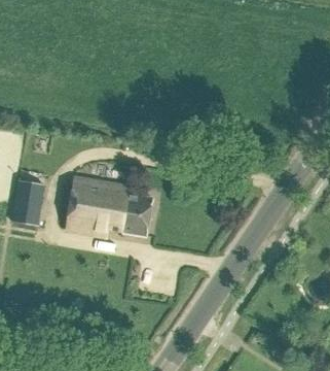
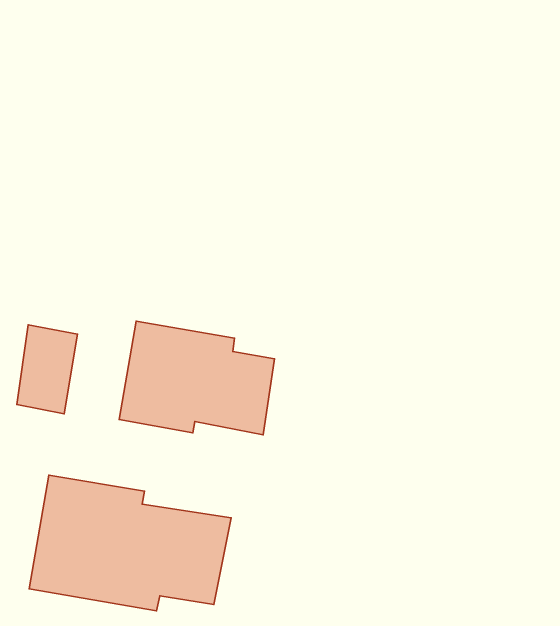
building: none -> [29,475,231,611]

